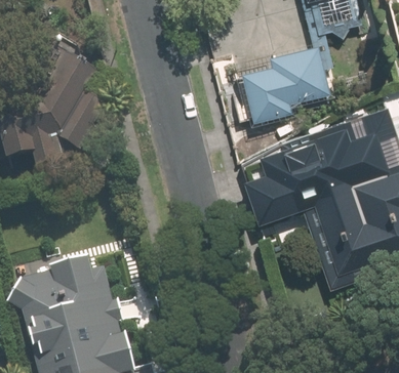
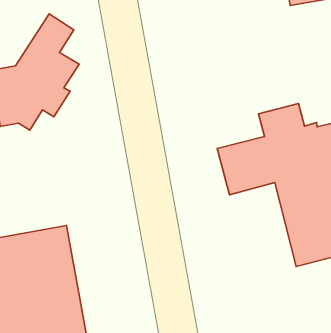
building: [240,38,329,115] -> none

